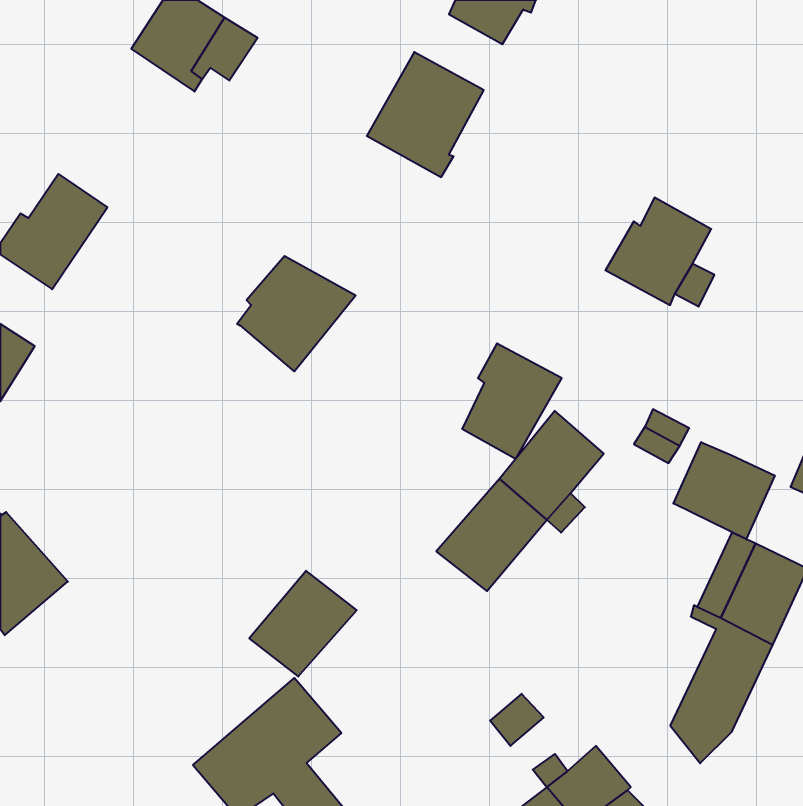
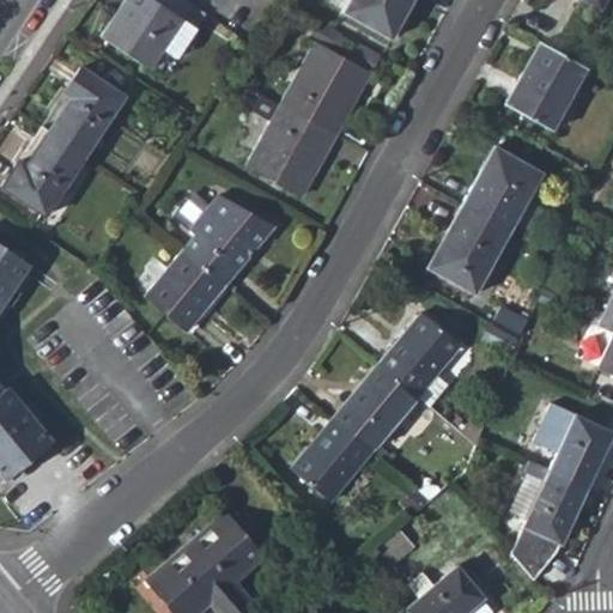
building: none -> [504,42,583,128]
building: none -> [48,71,123,158]
building: none -> [248,104,338,195]
building: none -> [147,248,226,330]
building: [462,343,562,459] -> [436,206,511,293]
building: [673,442,775,539] -> none
building: [249,571,357,677] -> [291,419,372,499]

